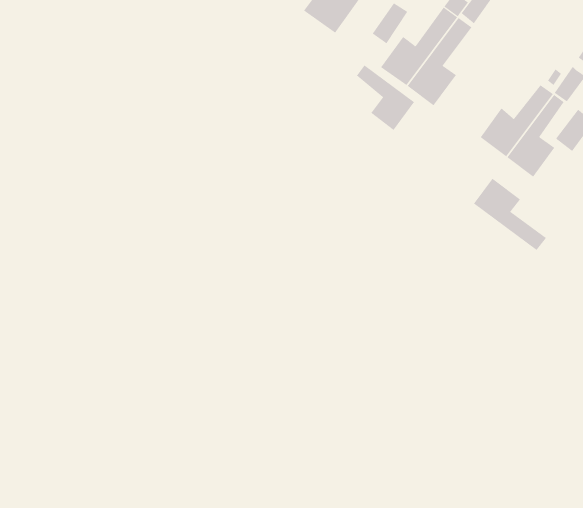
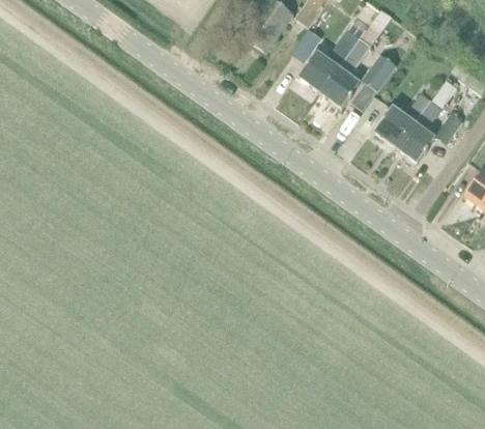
building: none -> [362,56,397,92]
building: [356,64,415,131] -> none
building: [473,178,548,251] -> none

